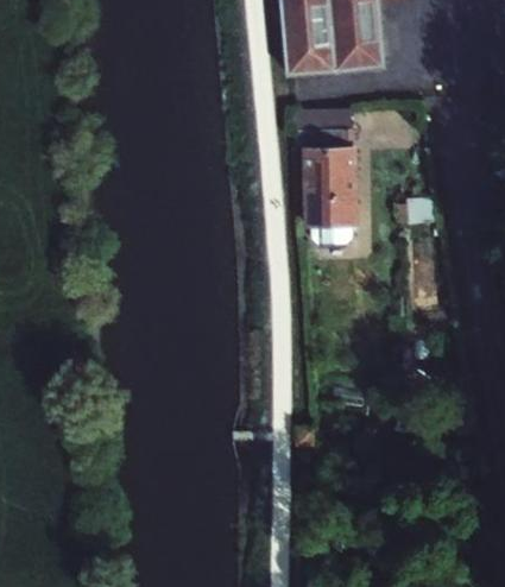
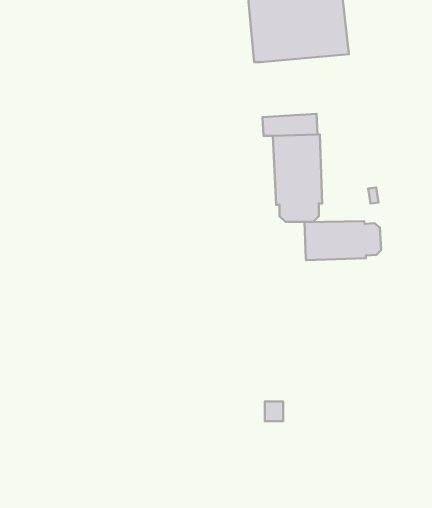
building: none -> [304,221,381,260]

